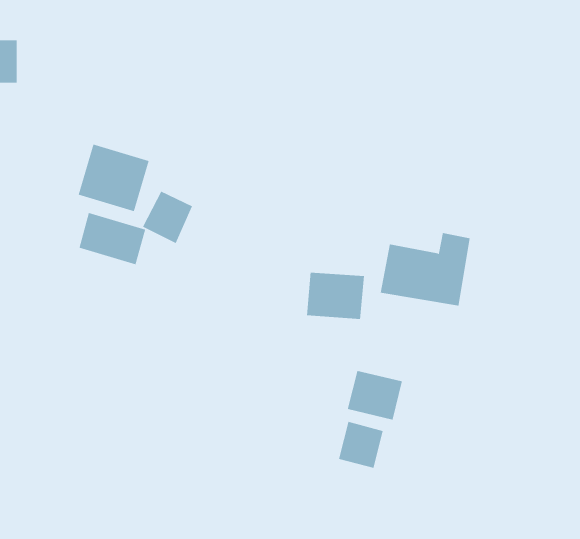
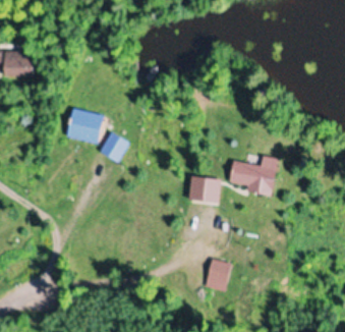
building: [79,212,146,265] -> none
building: [347,370,403,421] -> none

